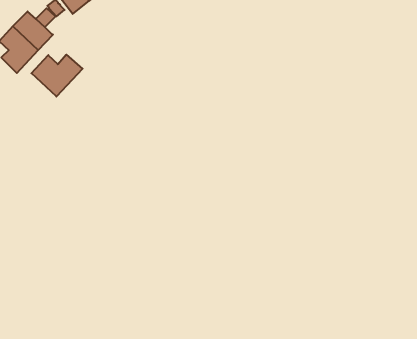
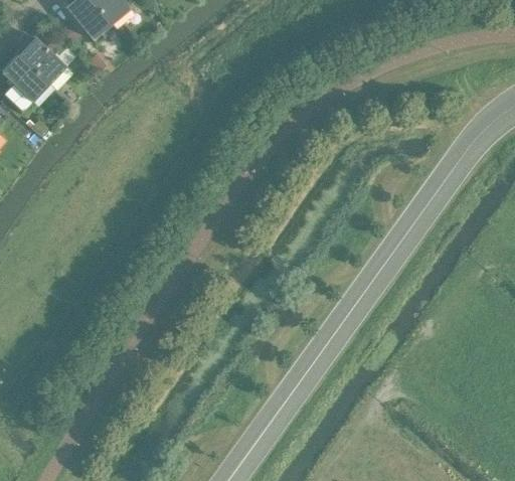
building: [31,55,83,97] -> none

